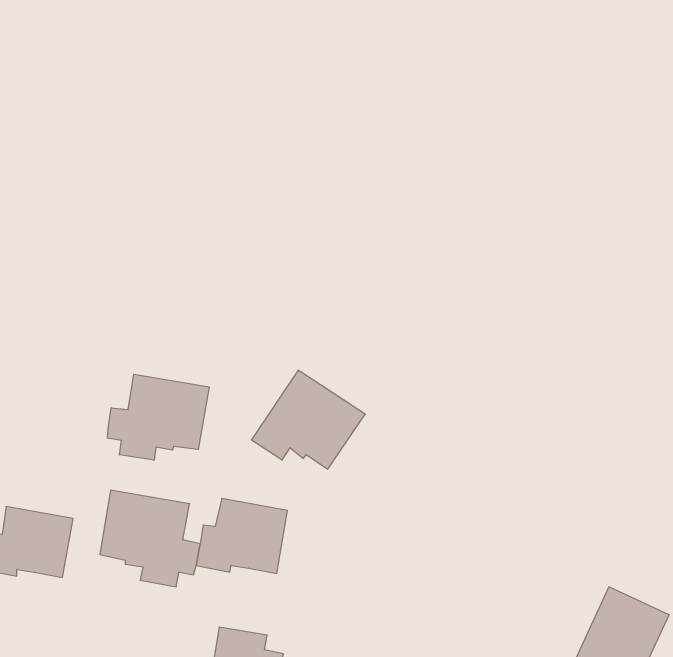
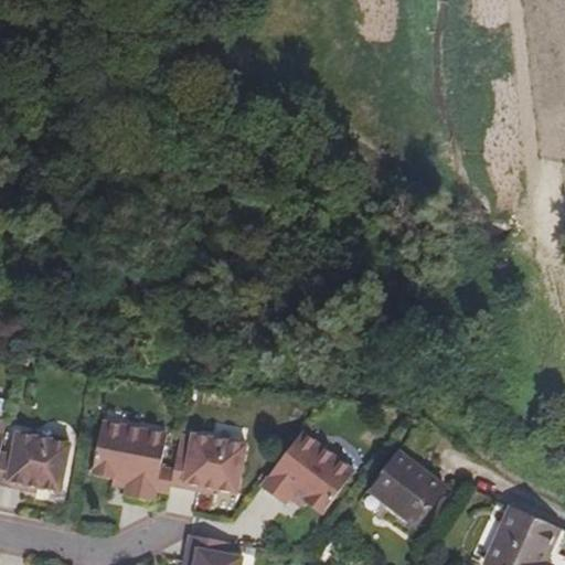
building: [251,370,365,469] -> [262,424,355,505]
building: [108,374,209,460] -> none
building: none -> [367,451,443,524]

